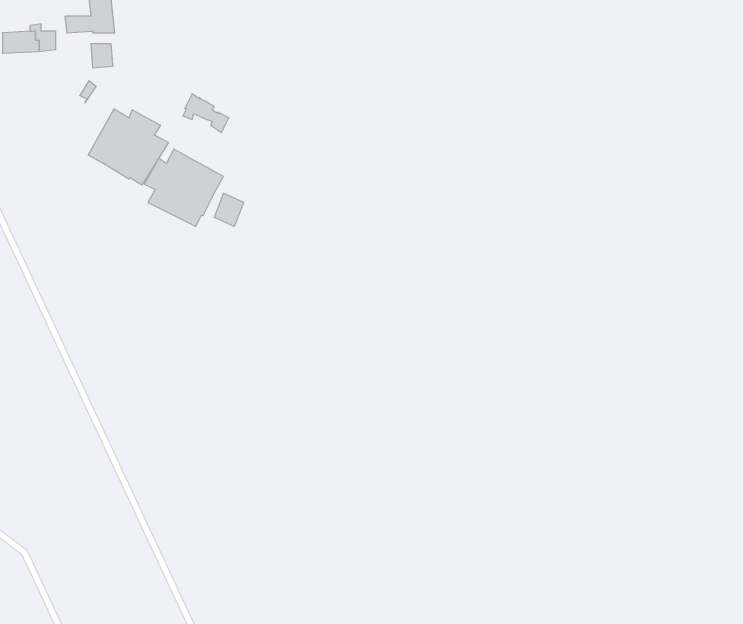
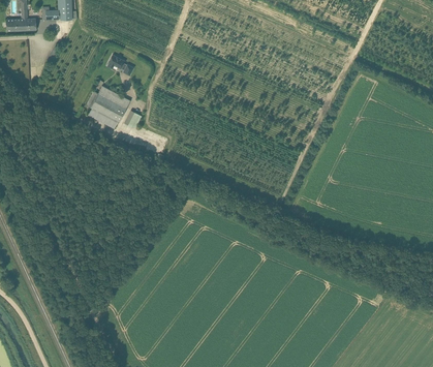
building: [88,109,168,185] -> none

